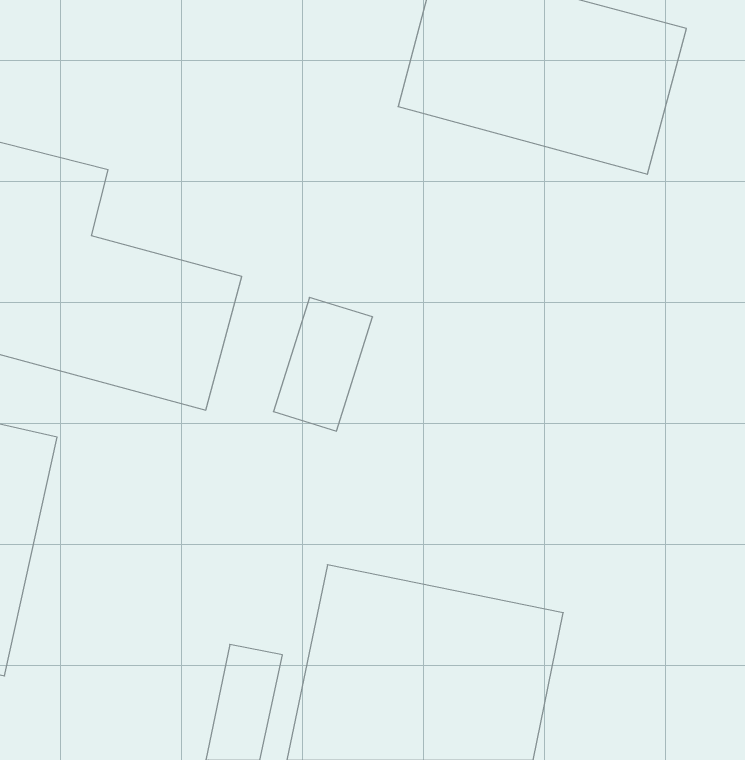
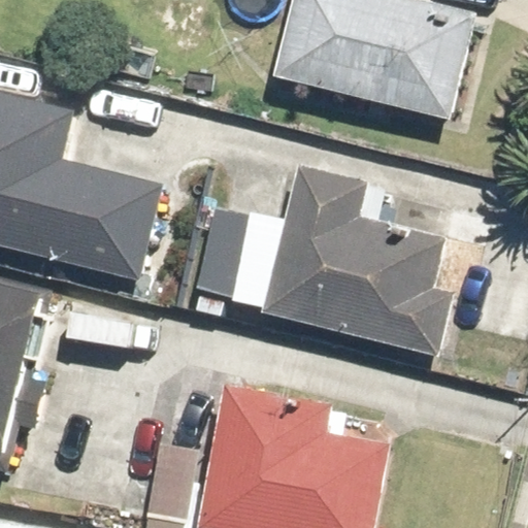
building: none -> [265,196,453,355]

